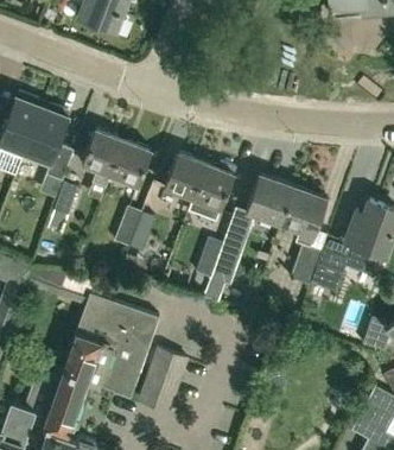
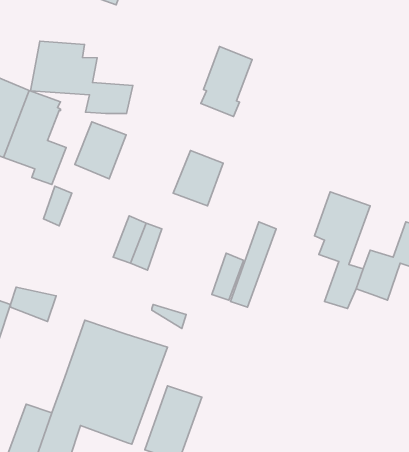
building: none -> [30,41,133,114]
building: [110,140,152,186] -> none
building: [190,164,233,222] -> [201,47,252,116]
building: [246,176,294,224] -> none

